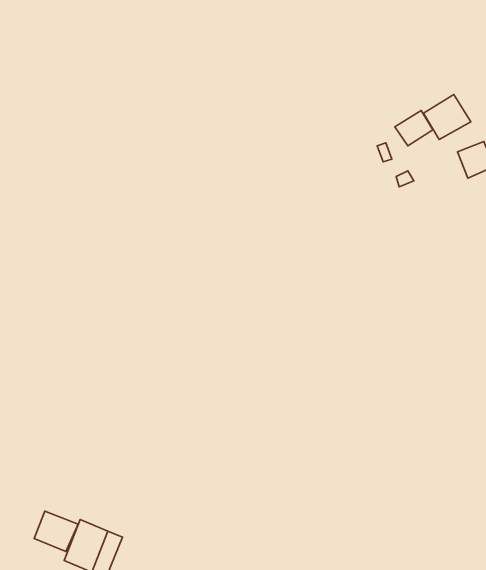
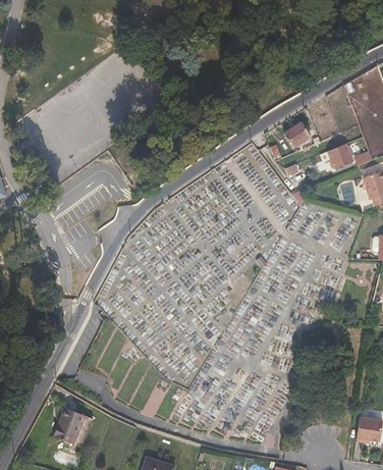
building: [424,95,471,140] -> none
building: [34,511,78,551] -> none

